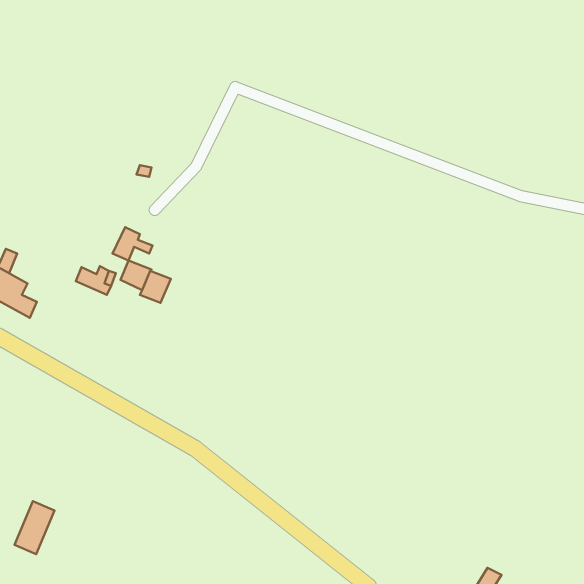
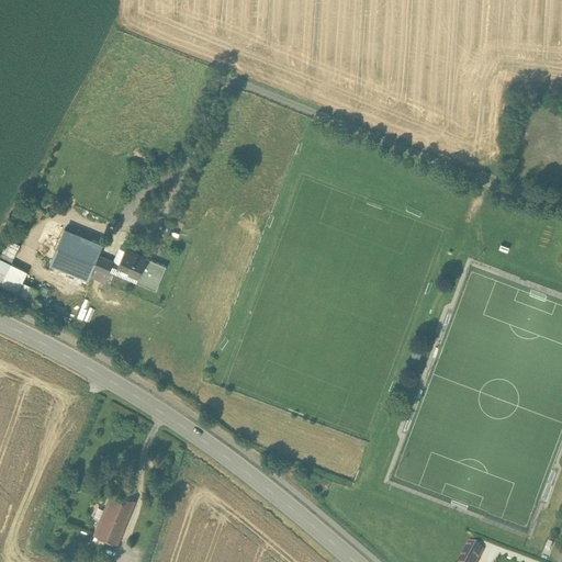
building: [112,227,153,260] -> [57,239,95,271]
building: [14,501,55,554] -> [93,494,132,544]

